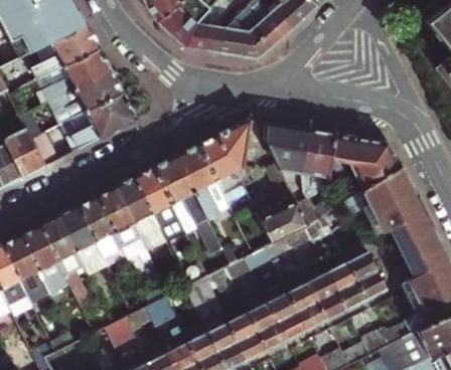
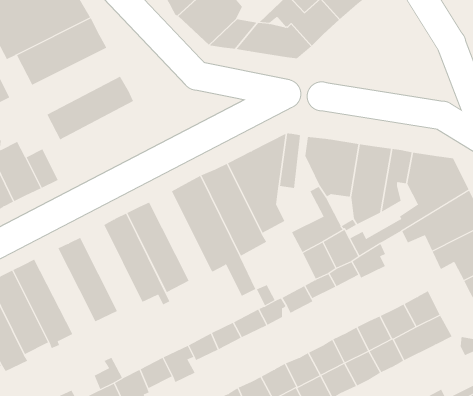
building: [36,49,111,106] -> none
building: [60,94,135,151] -> none
building: [135,168,186,242] -> none
building: [78,196,128,267] -> none
building: [39,215,90,303] -> none

